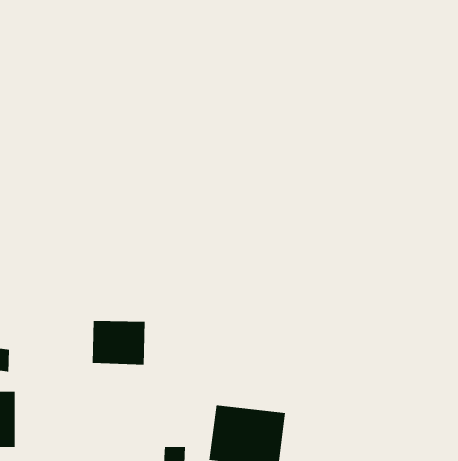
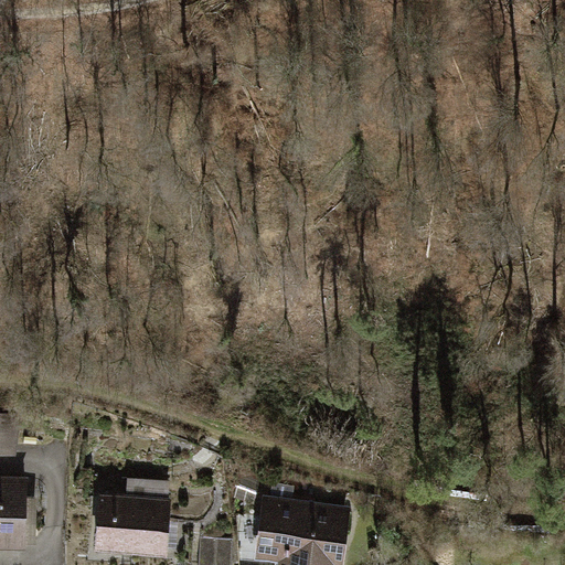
building: [92,321,145,365] -> [98,498,163,552]

